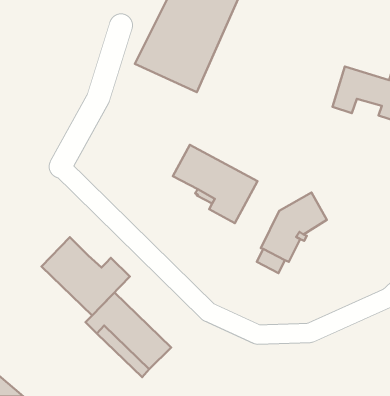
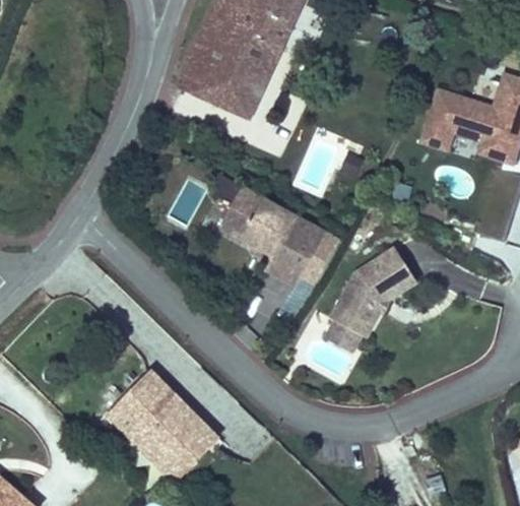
building: [42,237,130,316] -> none

